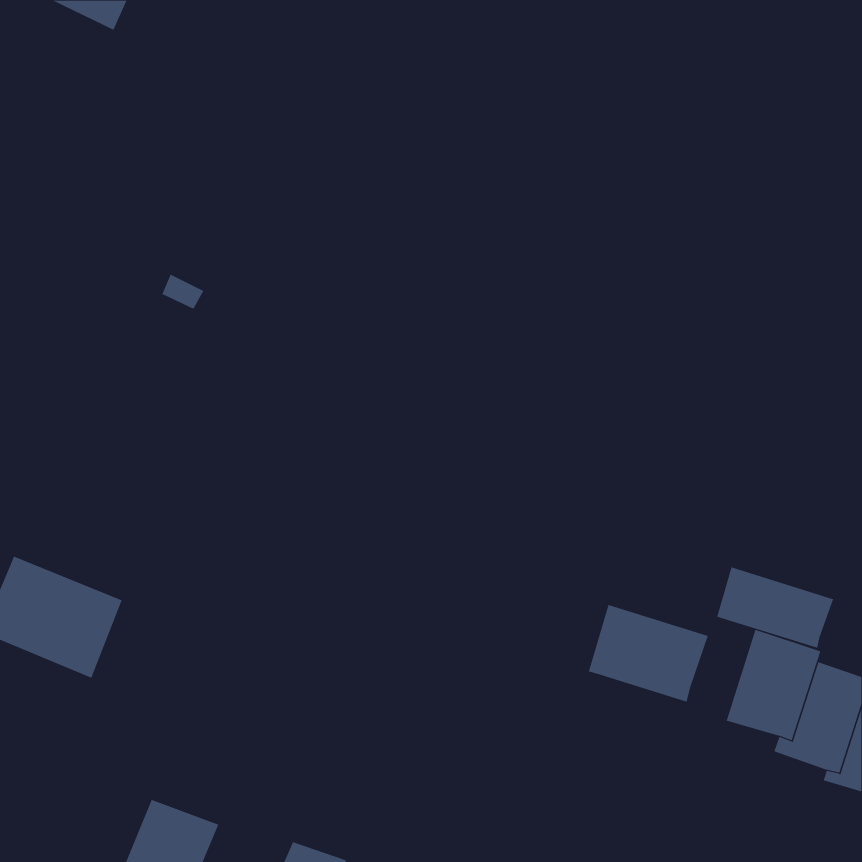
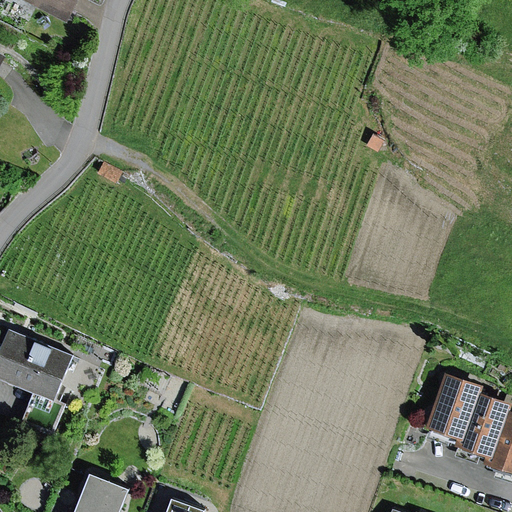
building: [717,567,834,649] -> none
building: [588,604,708,702] -> none

